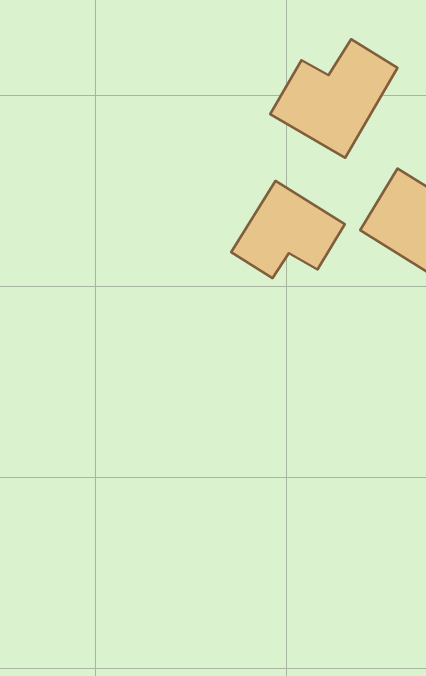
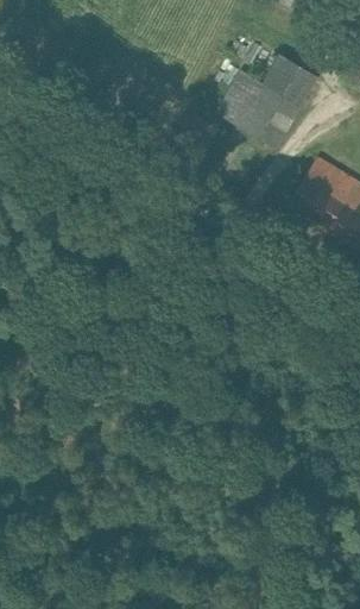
building: [231,181,345,278] -> none

